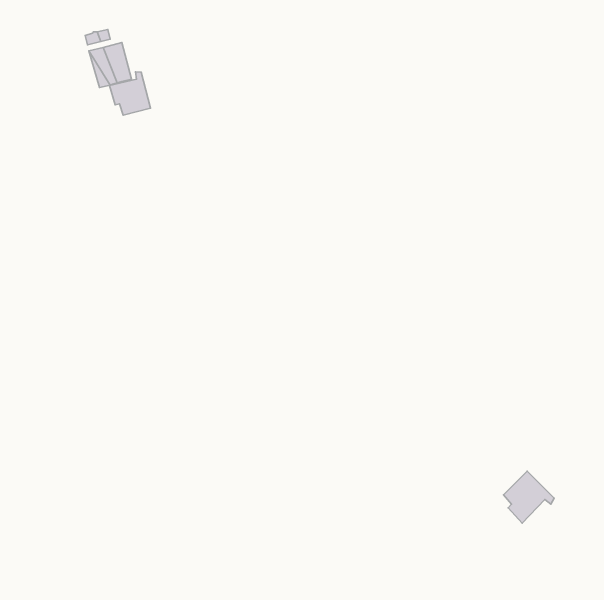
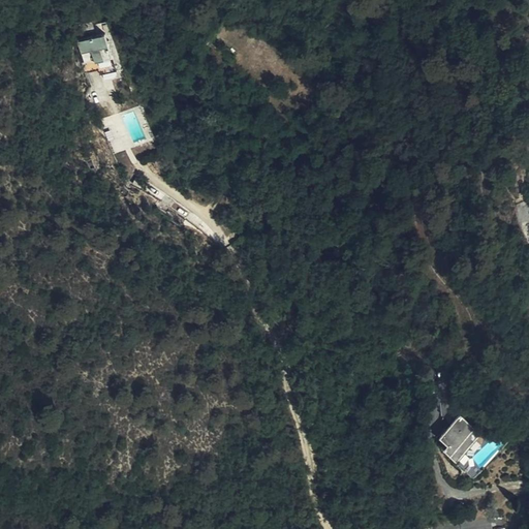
building: [110,72,151,115] -> none

